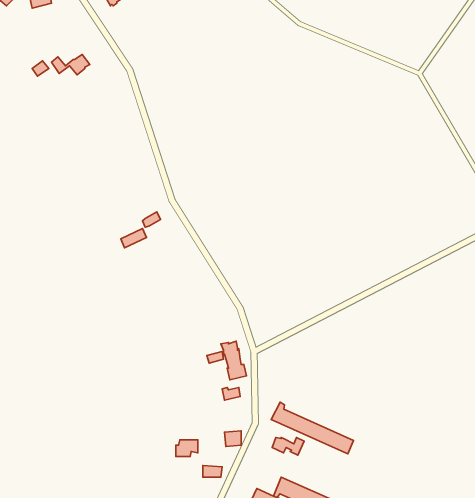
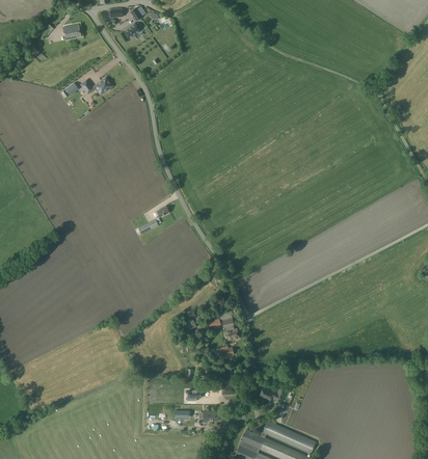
building: [271,402,354,454] -> none

